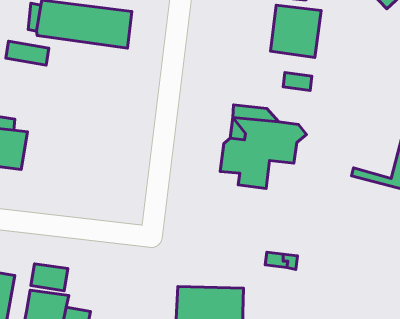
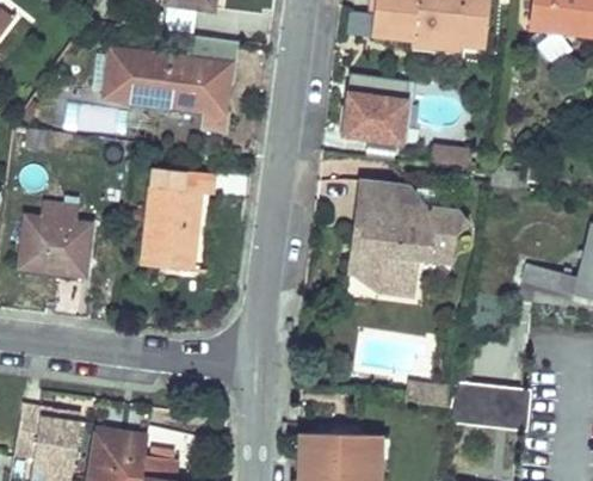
building: [271,5,321,57] -> [344,73,410,142]
building: none -> [143,167,214,271]
building: none -> [453,382,532,430]

